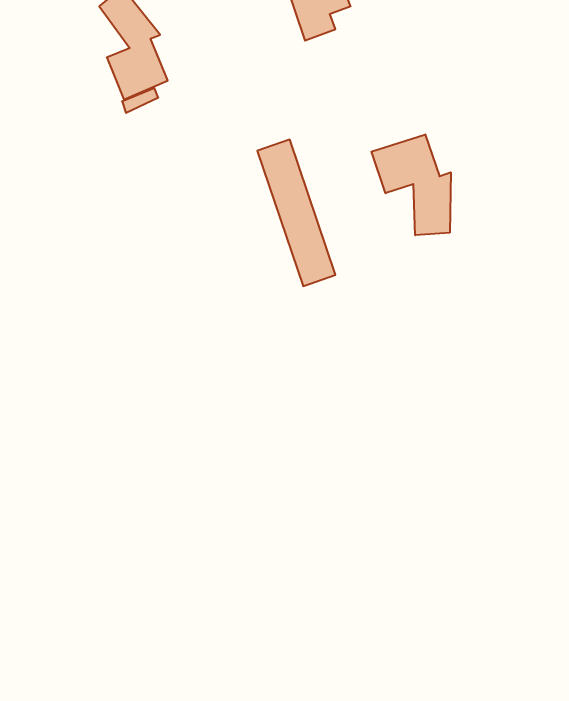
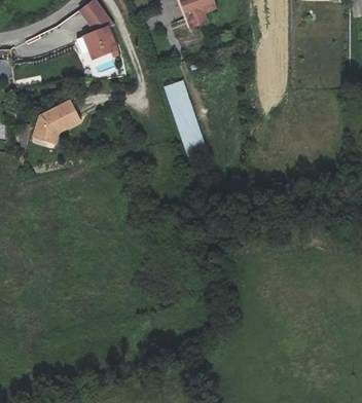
building: [371,134,451,235] -> none
building: none -> [32,100,79,143]

